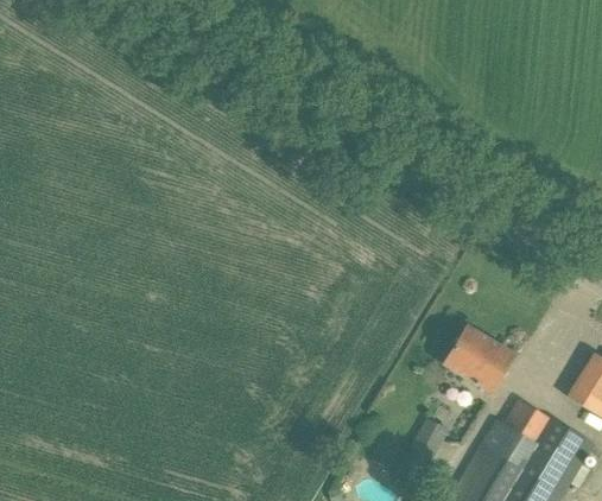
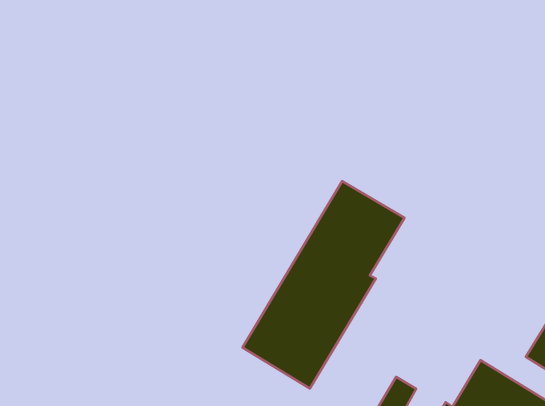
building: none -> [242,181,404,388]
building: [445,325,515,392] -> none

